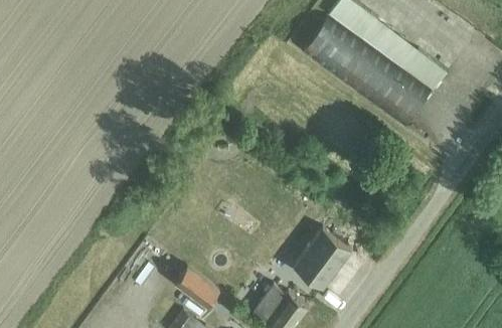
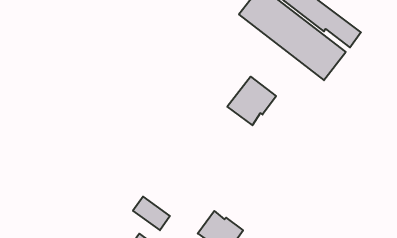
building: none -> [227,77,276,125]
building: [292,227,350,288] -> none

